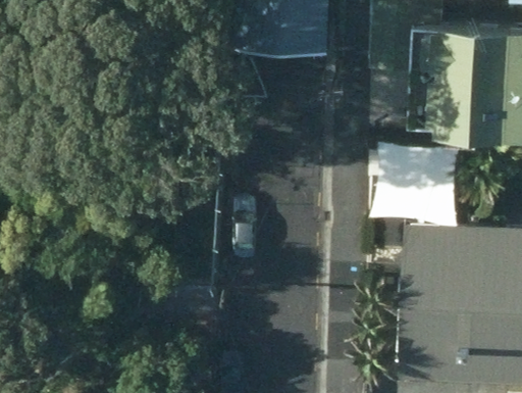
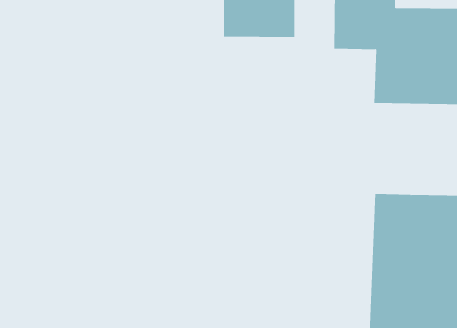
building: [374,153,457,229] -> none

